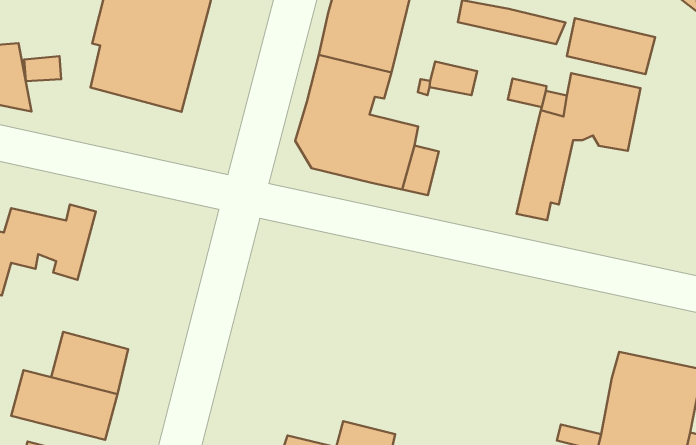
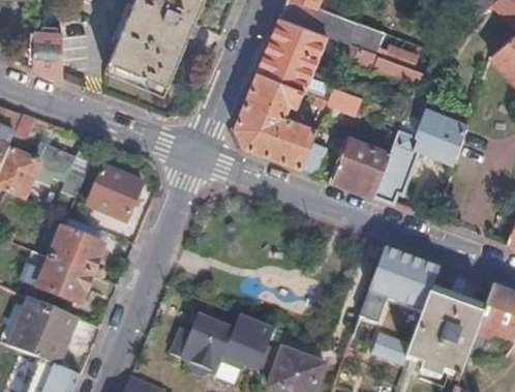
building: [567,18,655,74] -> none
building: none -> [333,135,391,193]
building: none -> [88,168,144,221]
building: none -> [359,249,438,325]

